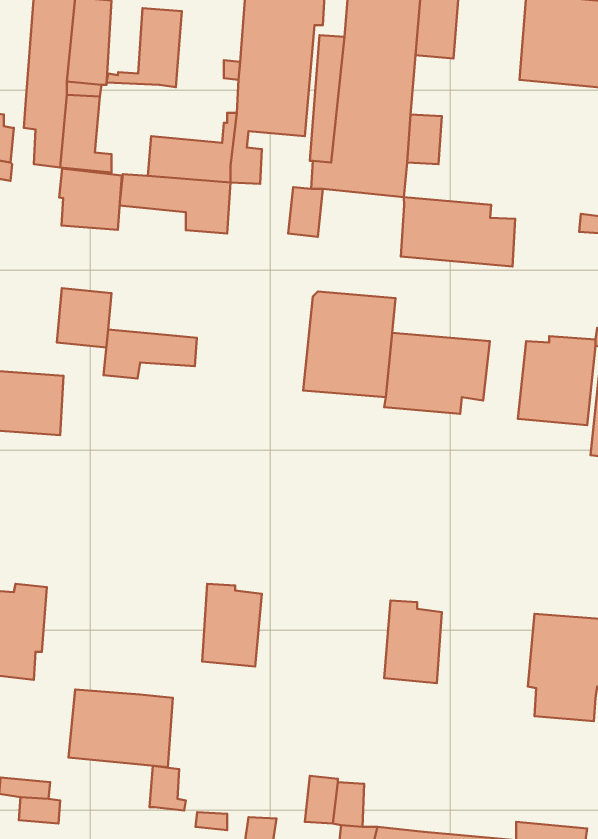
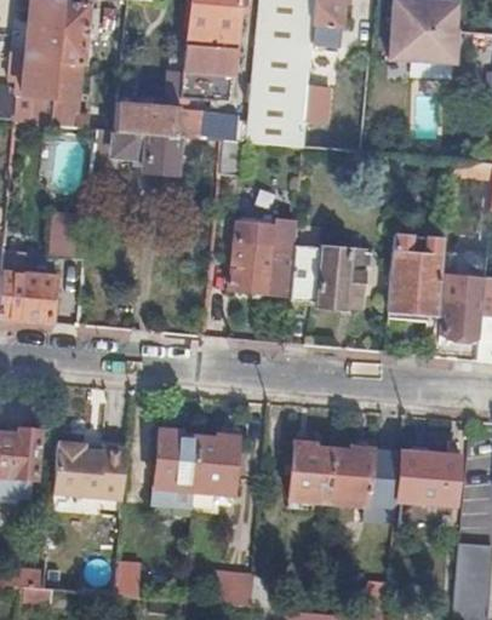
building: [107,8,182,87] -> none
building: [59,169,122,230] -> none
building: [401,197,515,266] -> none
building: [103,330,197,378] -> none
building: none -> [195,434,239,493]
building: none -> [328,446,400,507]
building: [69,690,173,767] -> [52,442,128,499]

